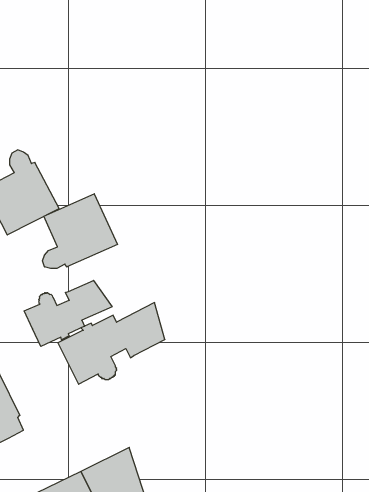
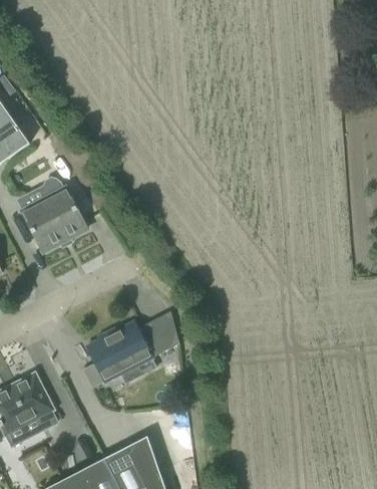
building: [42,194,118,268] -> none
building: [24,280,112,346] -> none

